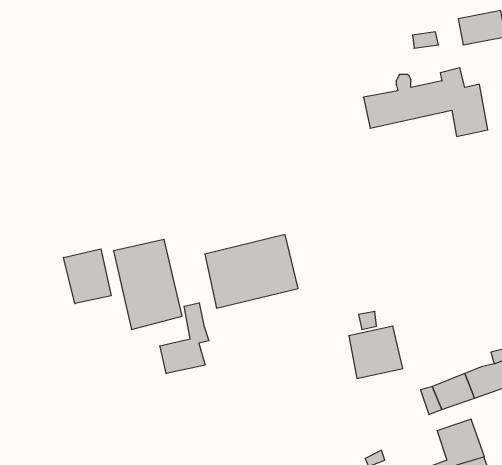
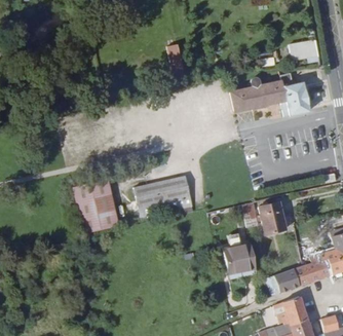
building: [64,249,111,304] -> none
building: none -> [258,203,285,236]
building: [160,303,209,374] -> none

